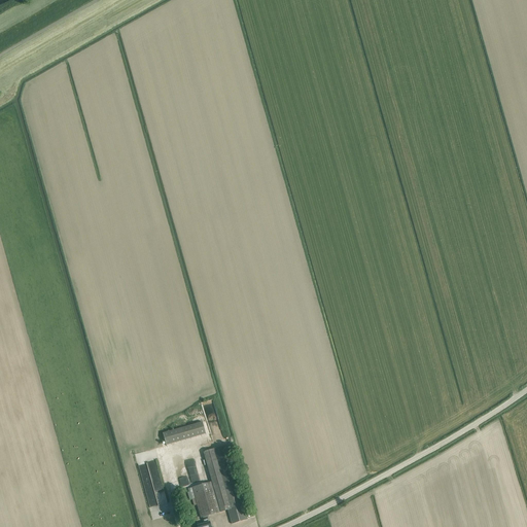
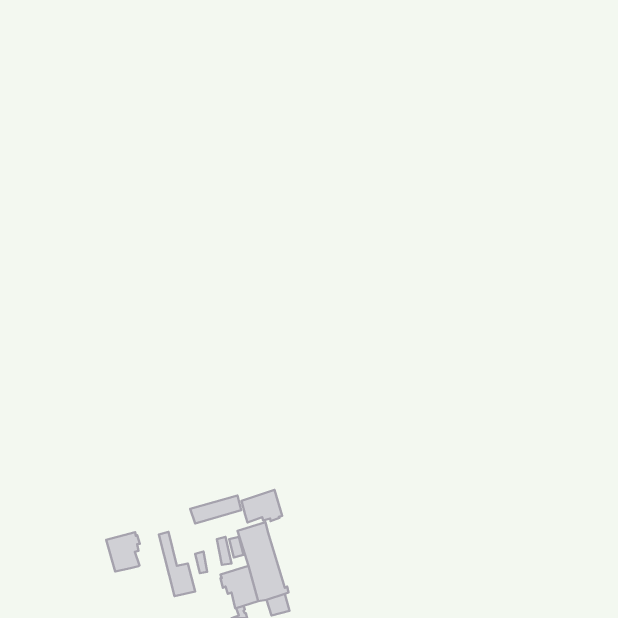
building: none -> [241,490,282,523]
building: none -> [106,532,140,572]

